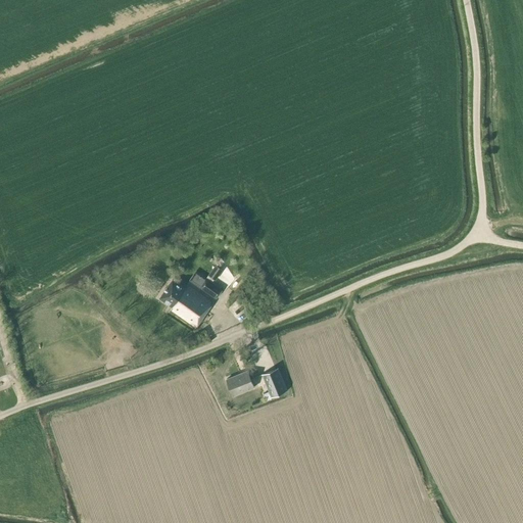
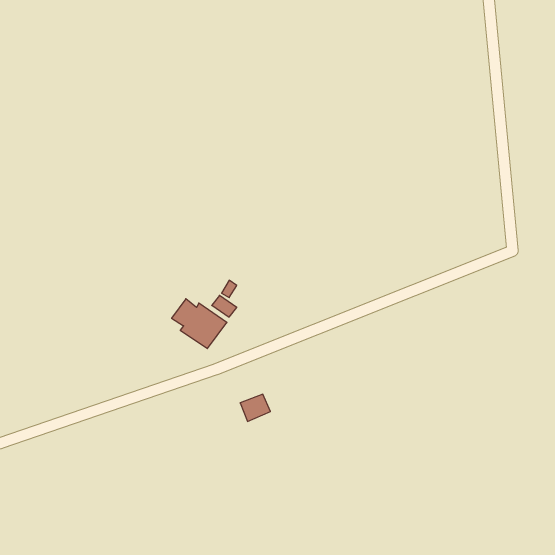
building: [262,368,287,397] -> none

